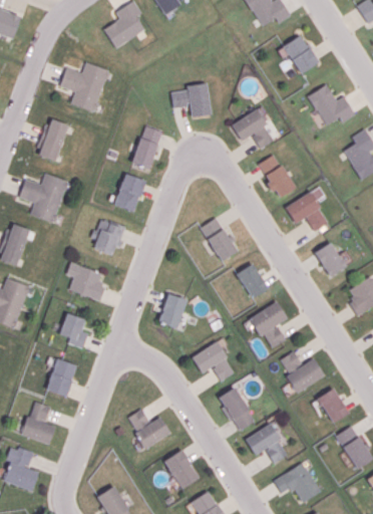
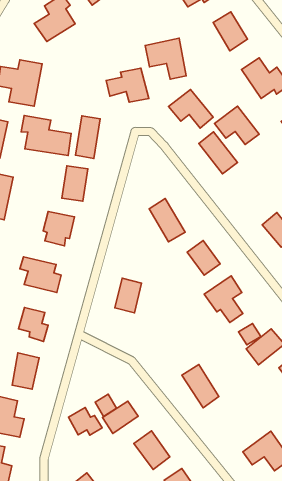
building: none -> [145,38,186,79]
building: none -> [21,115,71,156]
building: [285,192,329,231] -> [214,106,259,144]
building: [192,338,236,381] -> none
building: none -> [69,408,102,435]
building: [245,424,288,463] -> none

